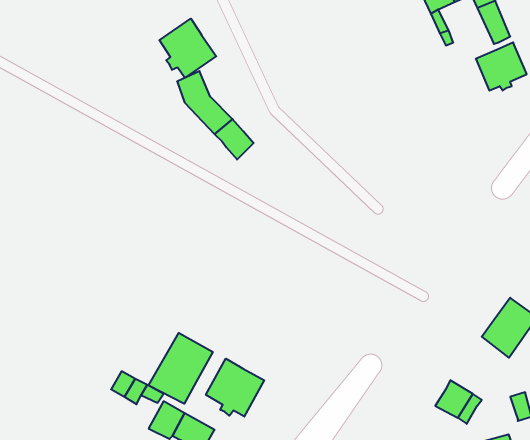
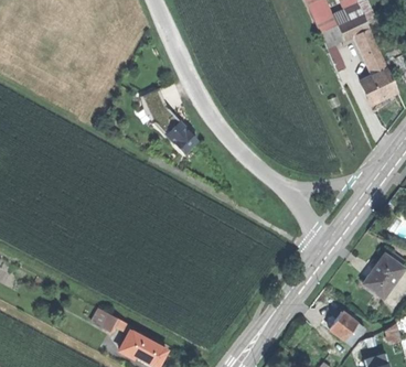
building: [159,19,216,78] -> none
building: [149,333,213,404] -> none
building: [206,359,264,417] -> none

